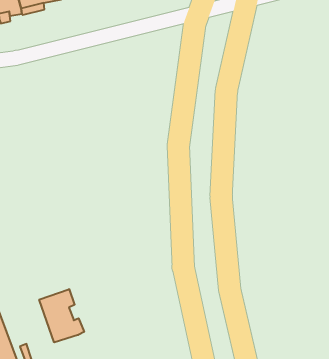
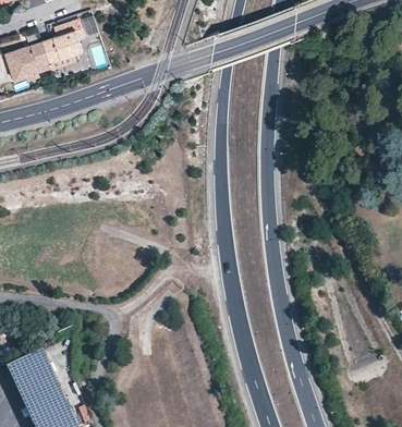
building: [39,289,84,342] -> none

